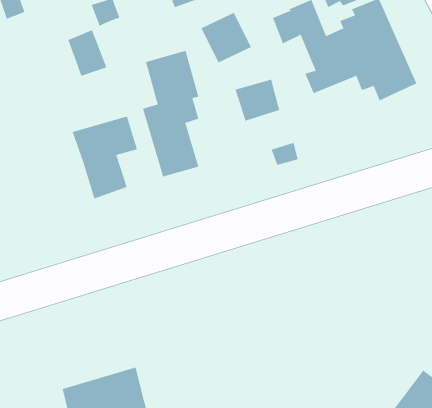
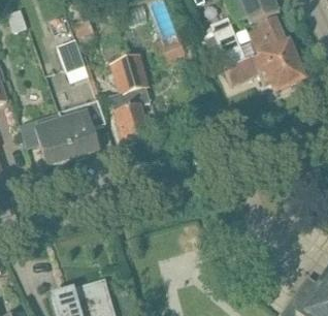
building: [235,79,280,121] -> none
building: none -> [20,112,75,167]

